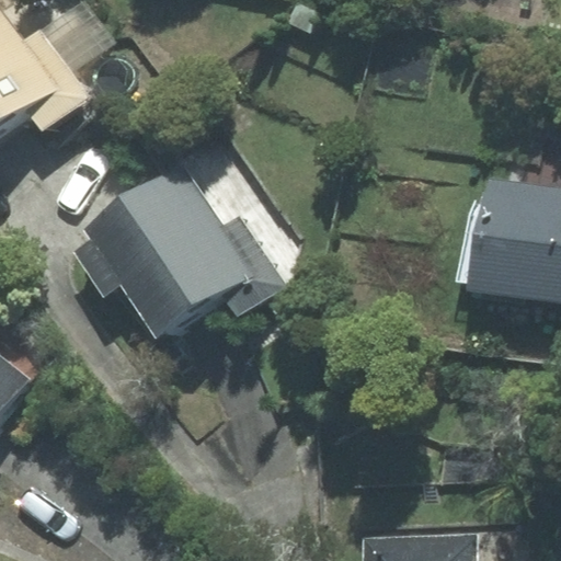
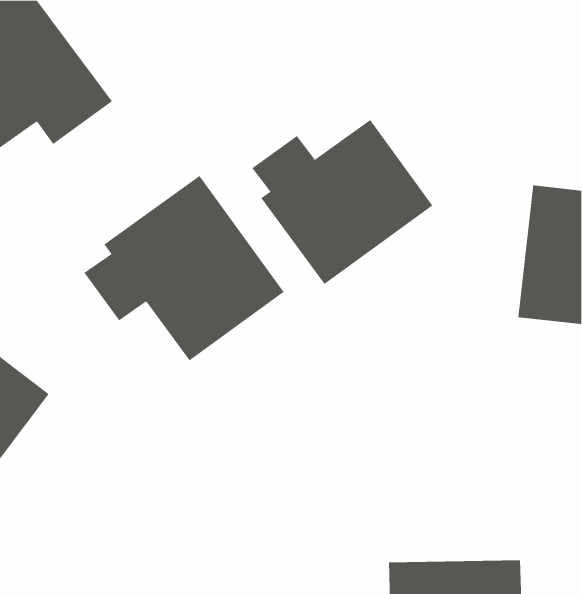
building: none -> [251,119,433,285]

